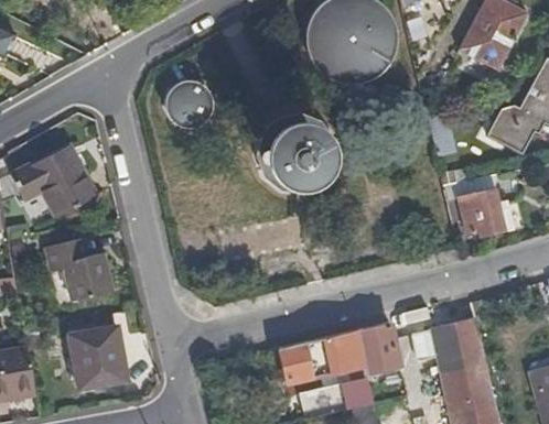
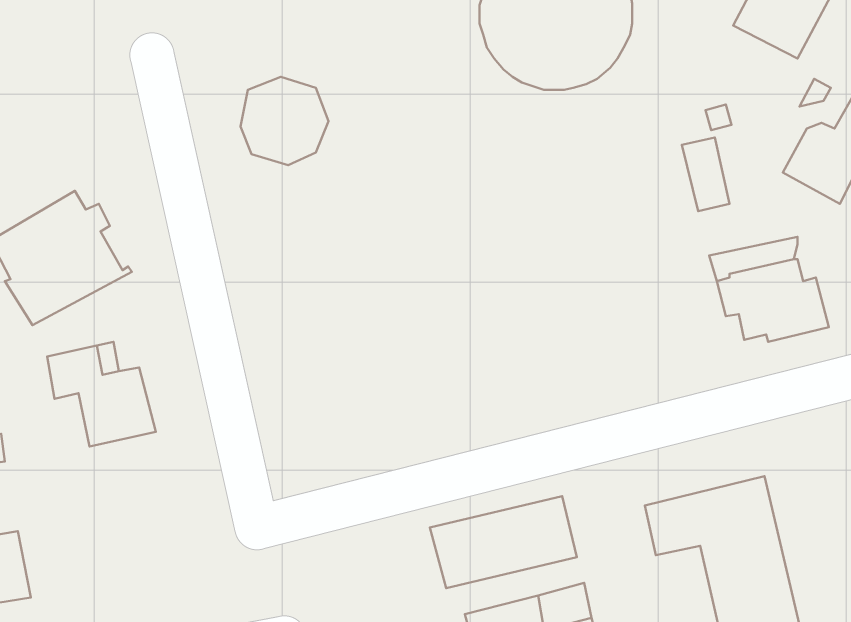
building: [258,113,334,192] -> none
building: [355,320,400,374] -> none
building: [68,330,128,392] -> none

